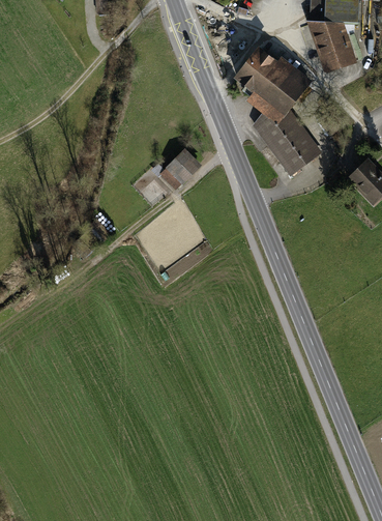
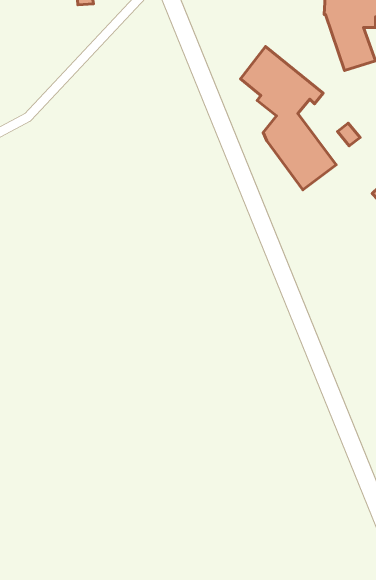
building: [160,151,197,187] -> none

